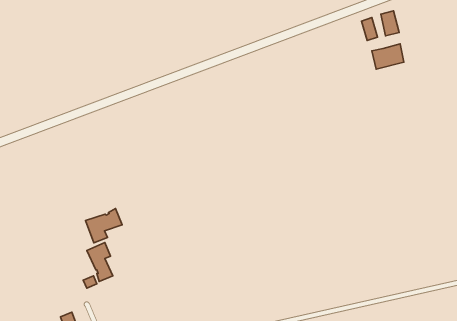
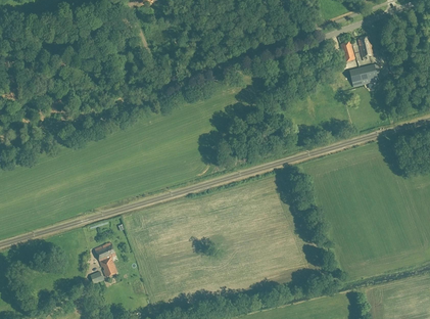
building: [85,208,122,243] -> none

